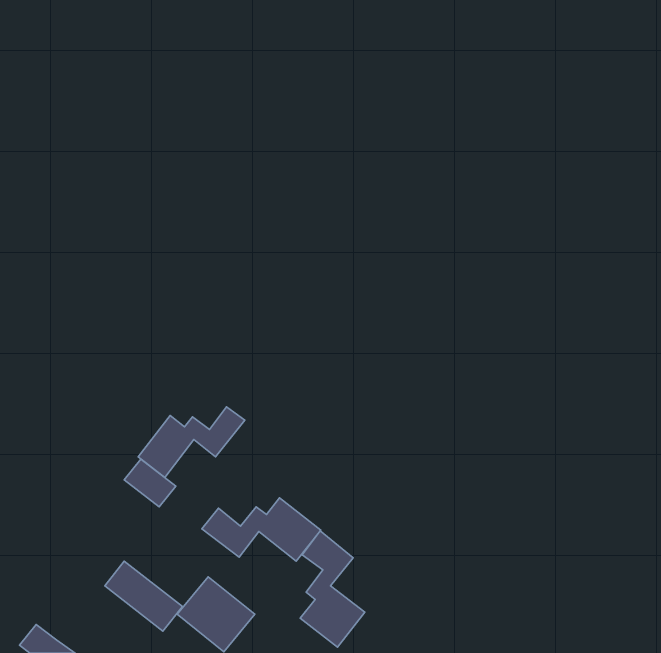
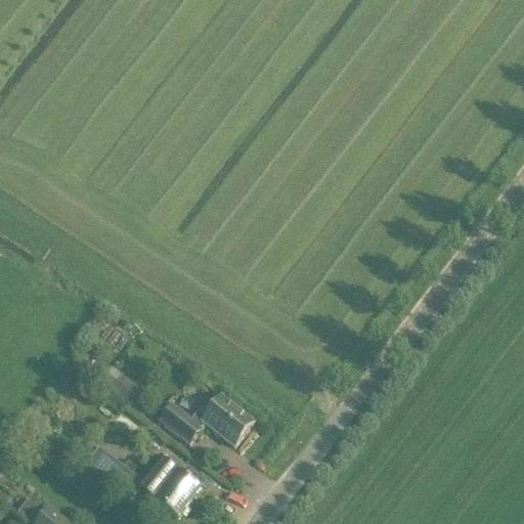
building: [138,407,245,477] -> none
building: [300,531,365,647] -> none

